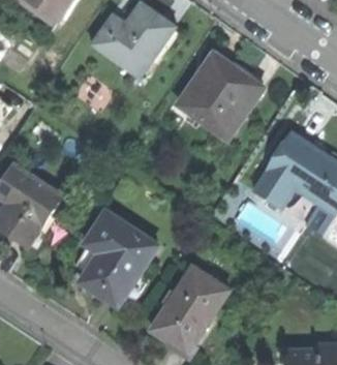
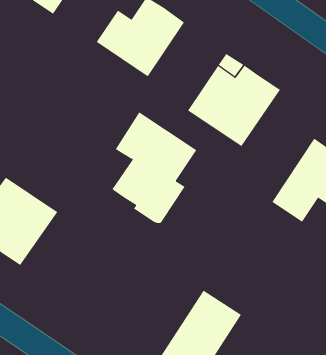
building: [79,209,156,310] -> [111,111,197,223]

